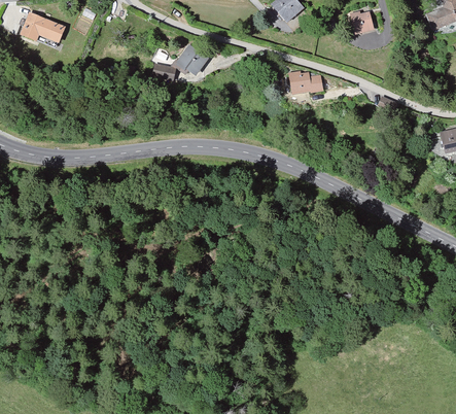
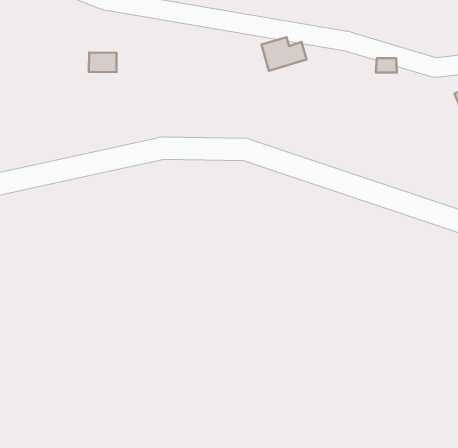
building: [177,45,208,76] -> none

